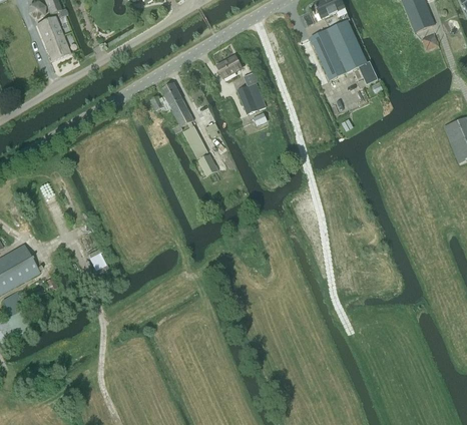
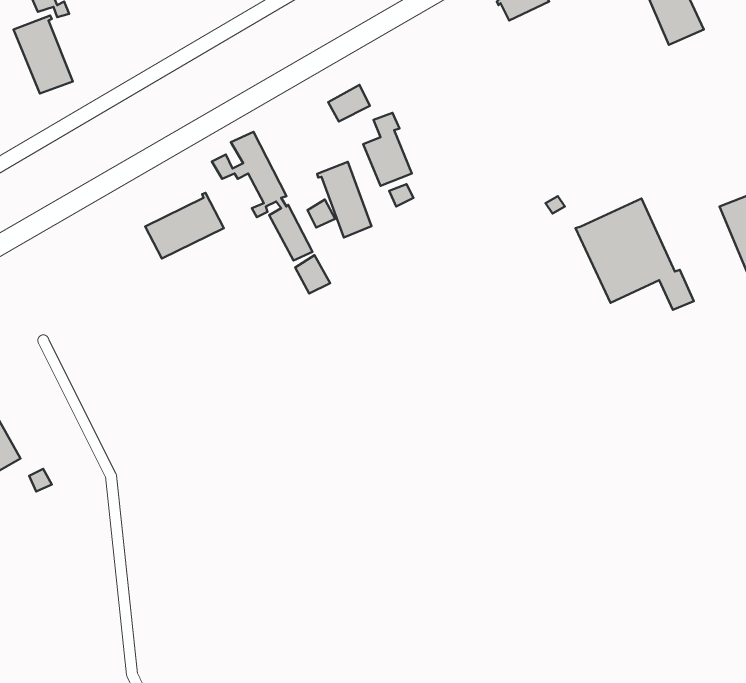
building: [310,19,378,83] -> [576,199,694,310]
building: none -> [317,162,372,237]
building: none -> [145,193,224,258]

